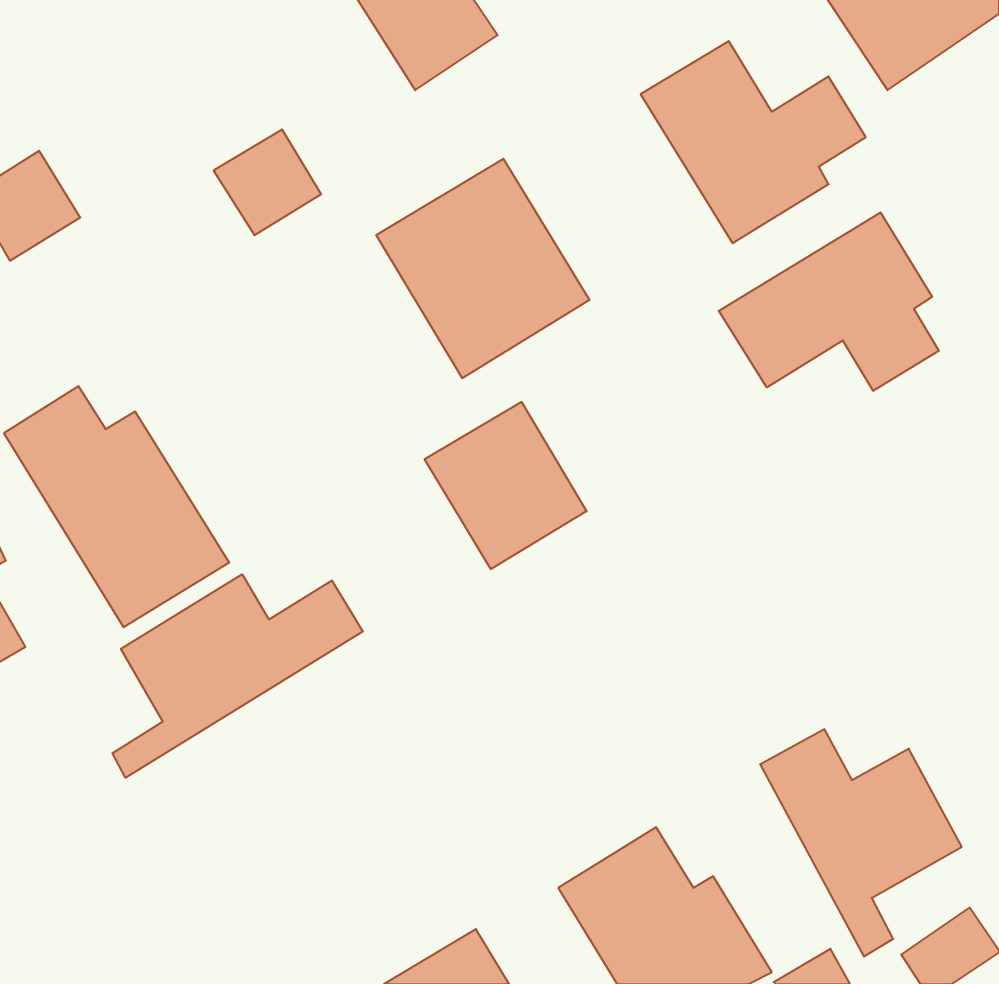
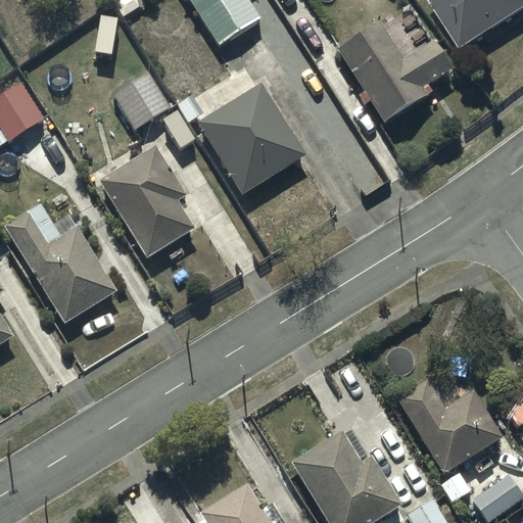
building: [719,212,939,391] -> none
building: none -> [98,144,193,258]
building: [425,402,587,569] -> none
building: [112,574,363,778] -> none

